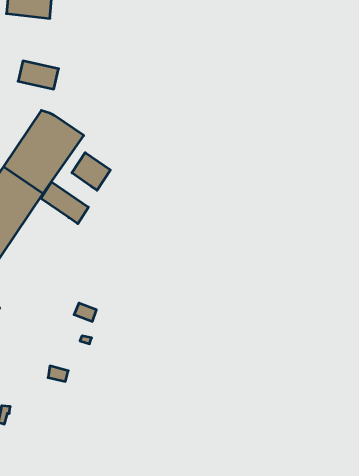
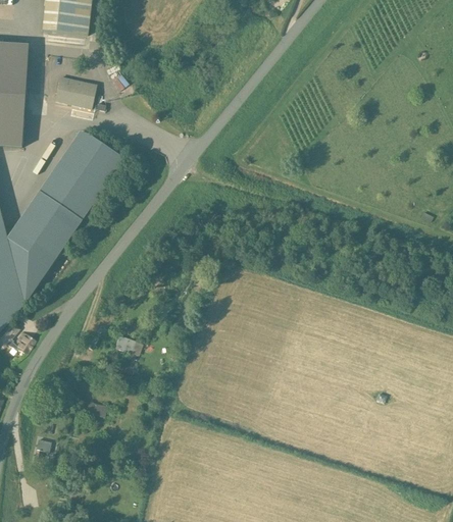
building: [72,153,110,190] -> none
building: [41,182,88,224] -> none

